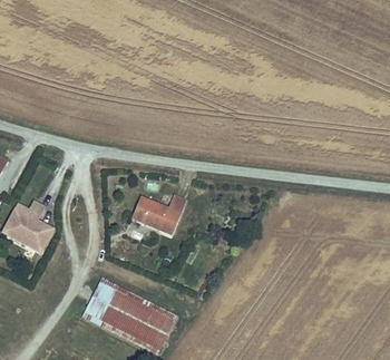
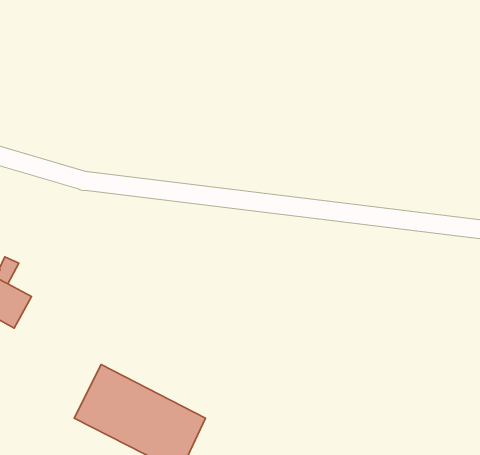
building: [133,196,185,235] -> none

